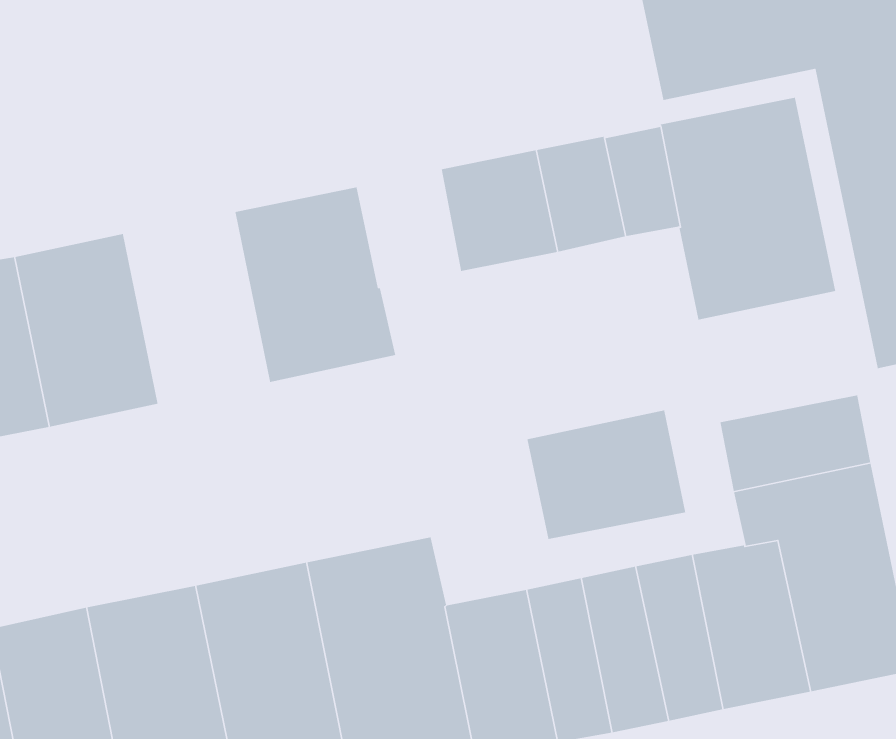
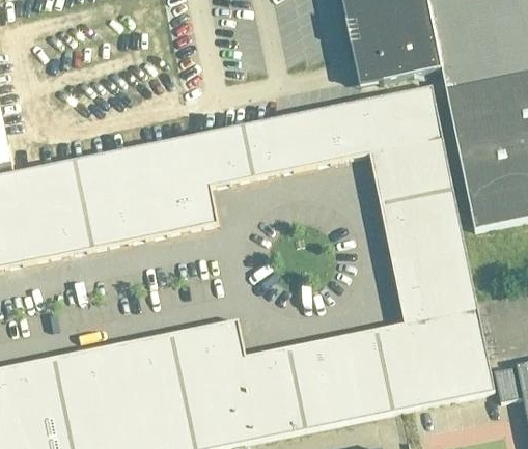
building: none -> [198,122,253,186]
building: none -> [74,145,151,248]
building: [526,410,686,540] -> [380,188,465,257]

